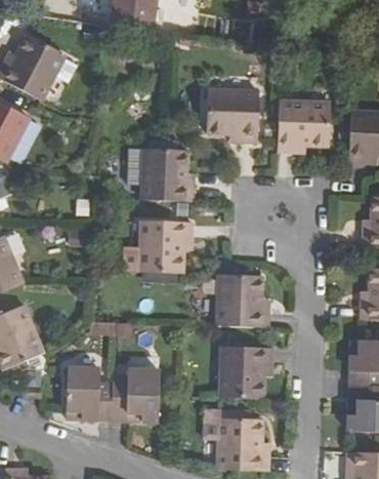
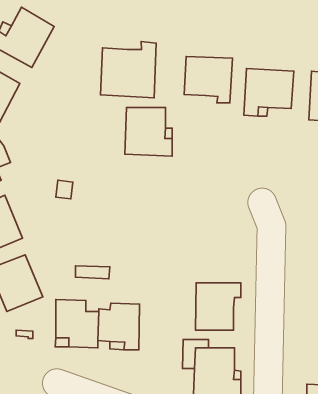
building: none -> [100,42,156,98]
building: [135,218,188,280] -> none
building: [213,273,264,327] -> none

